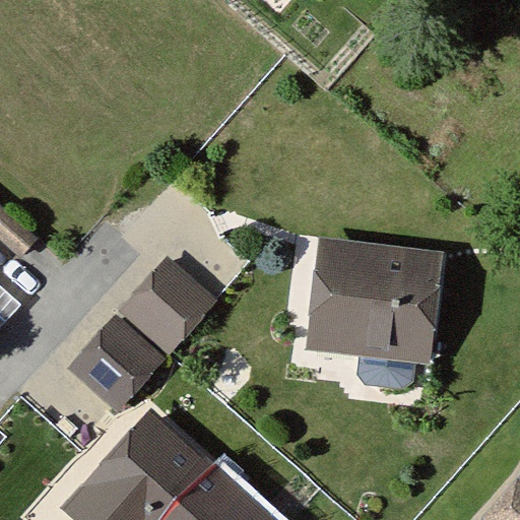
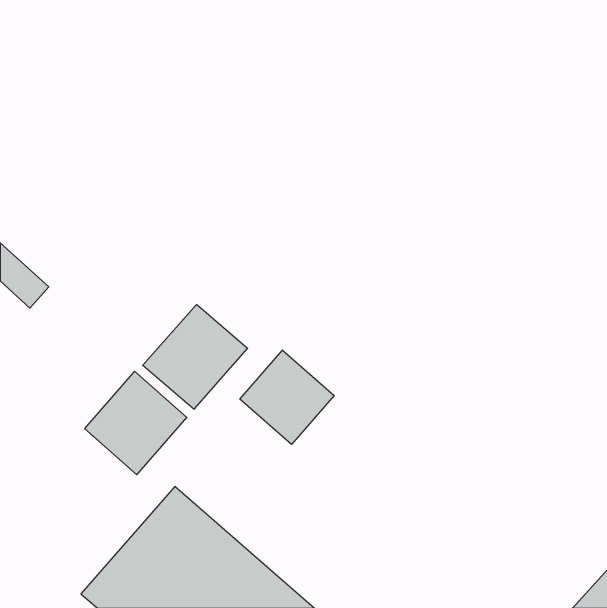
building: [313,242,438,355] -> none
building: none -> [240,350,334,444]

